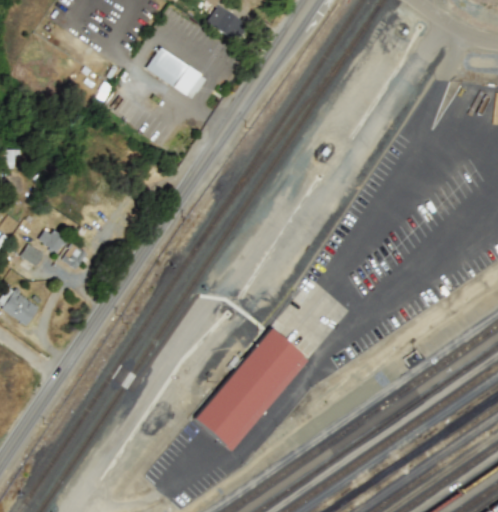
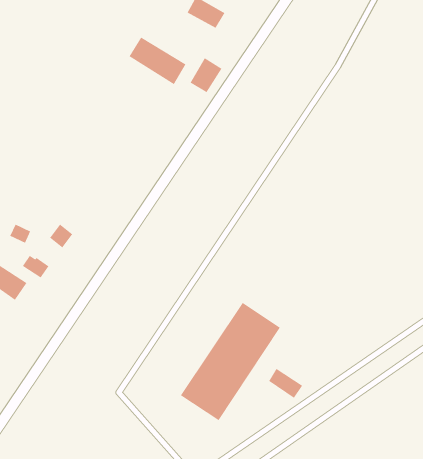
building: none -> [189,57,222,93]
building: [37,228,66,253] -> [22,255,49,279]
building: none -> [268,368,303,399]

